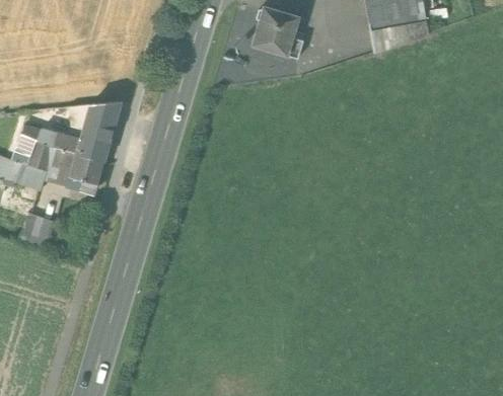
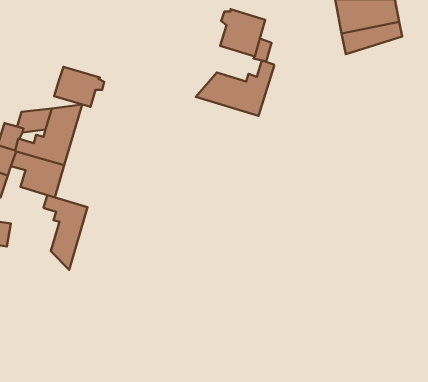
building: none -> [196,61,274,116]
building: none -> [54,67,104,107]
building: none -> [44,195,87,270]

